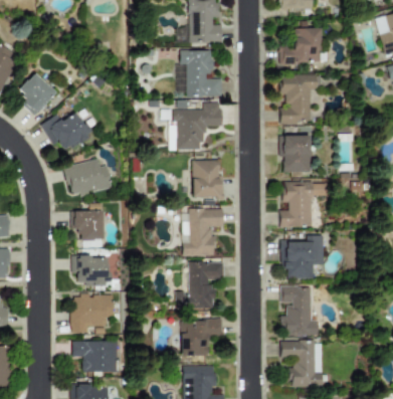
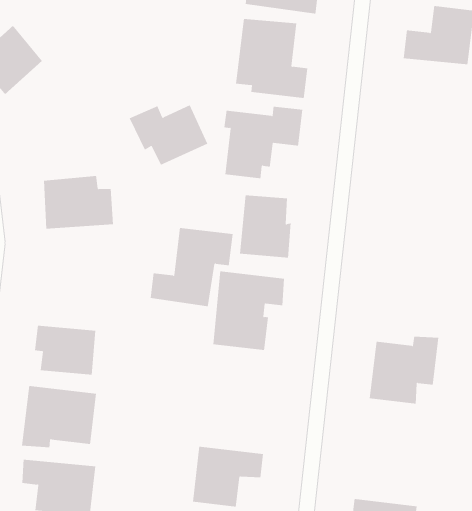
building: [279,75,317,125] -> none
building: [40,112,91,152] -> [129,104,208,165]
building: [281,136,311,173] -> none
building: [279,182,328,228] -> none
building: [73,211,104,240] -> none
building: [176,262,223,310] -> [150,227,233,307]
building: [280,286,318,336] -> none

